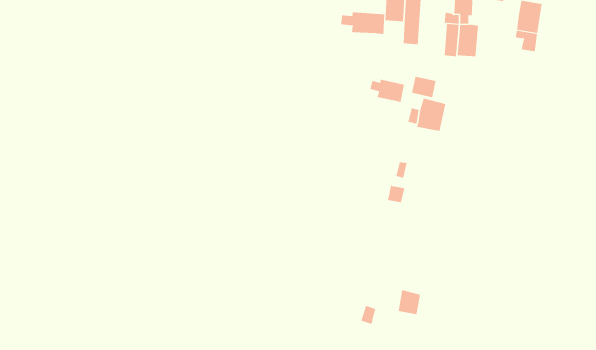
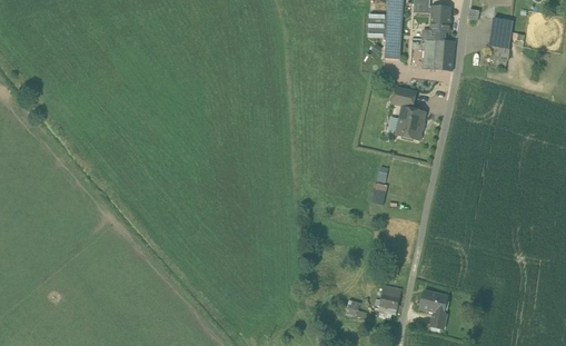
building: [340,12,385,35] -> none
building: [370,79,405,103] -> none
building: none -> [419,289,447,329]

